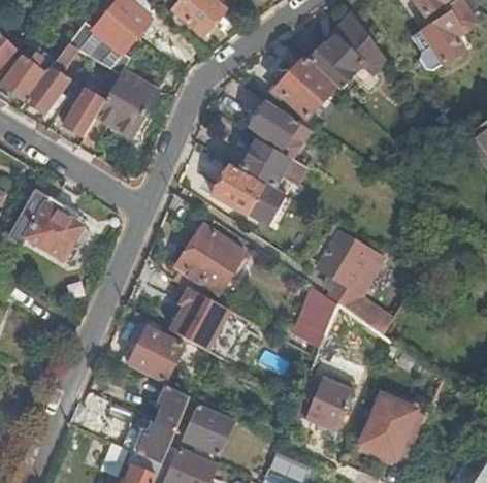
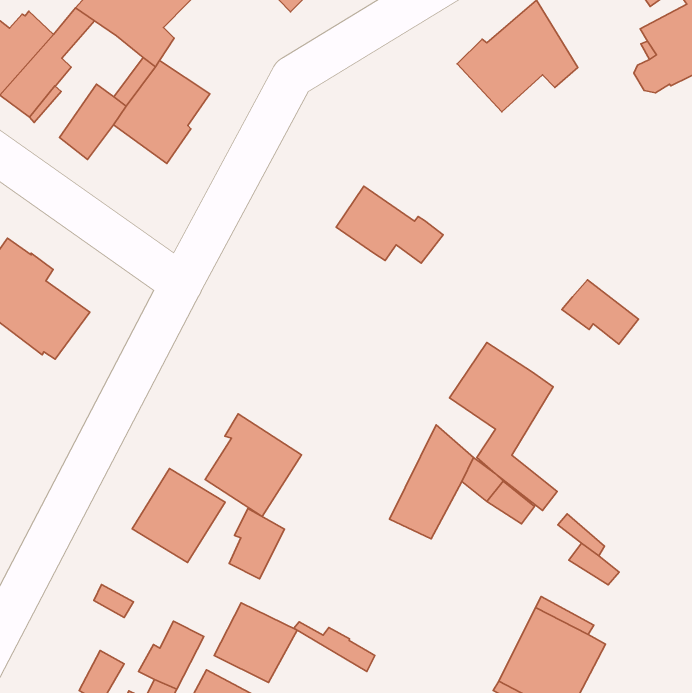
building: [275,60,333,117] -> none
building: [249,101,313,159] -> none
building: [212,166,285,222] -> none
building: none -> [562,280,638,344]
building: [180,228,249,297] -> none
building: [303,377,356,431] -> none
building: [156,385,189,428] -> [229,508,284,579]

